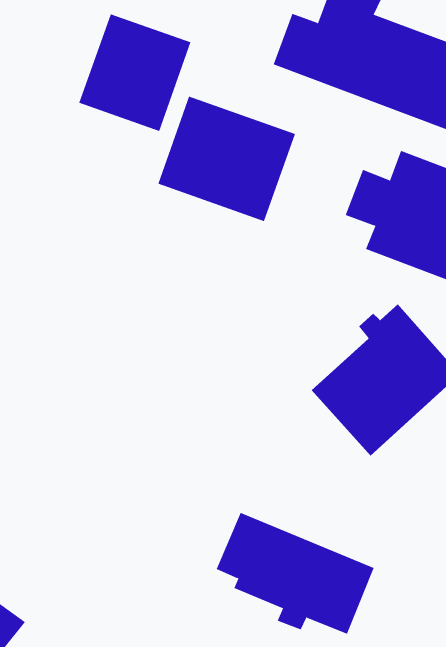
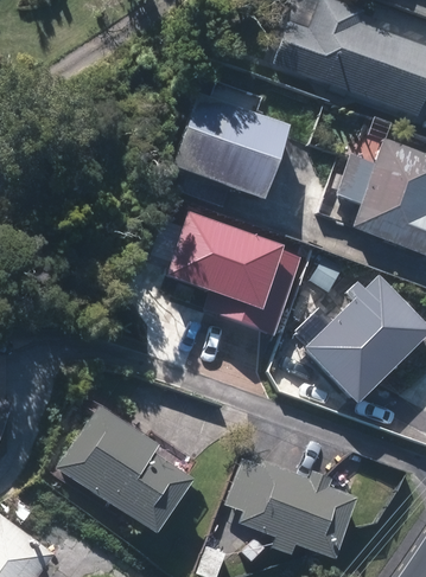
building: [79,13,191,132] -> none
building: none -> [166,195,311,331]
building: none -> [56,404,199,537]

